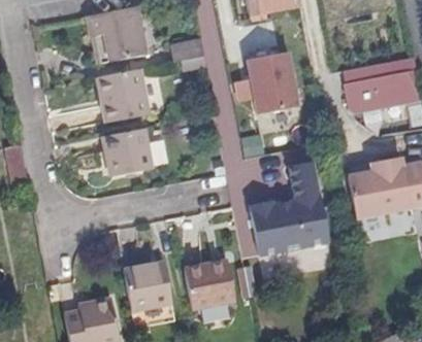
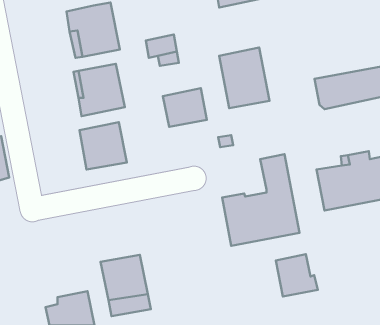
building: none -> [163,88,207,127]
building: [185,260,234,308] -> none
building: none -> [276,254,318,297]

